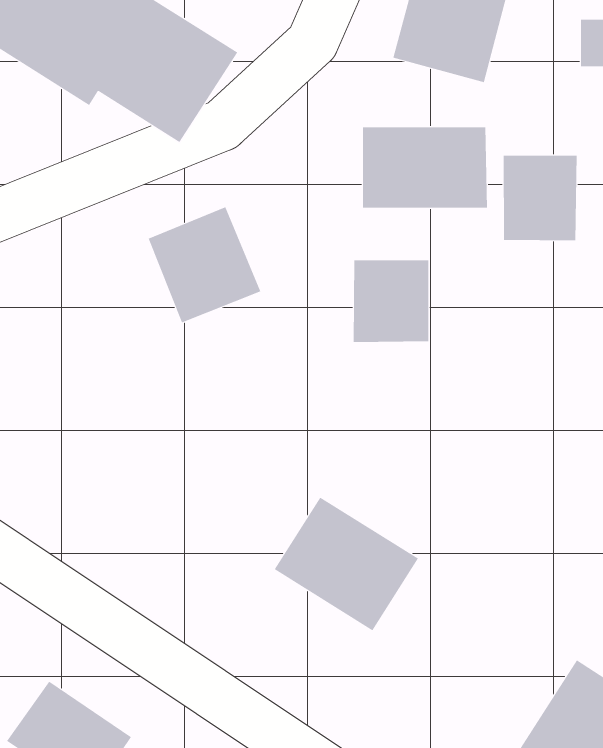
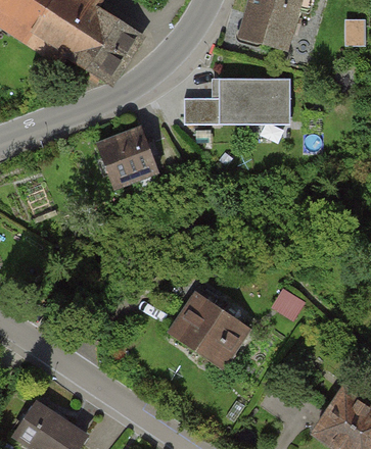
building: [503,155,577,241] -> none
building: none -> [184,96,219,123]
building: [353,260,429,343] -> none

